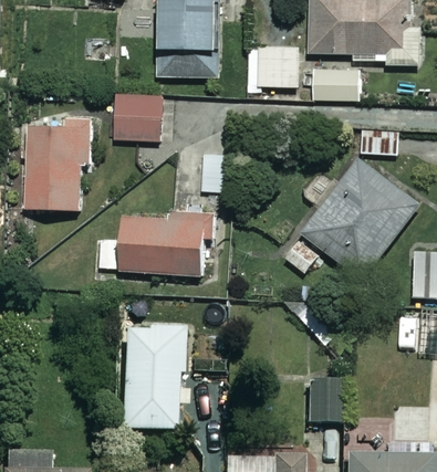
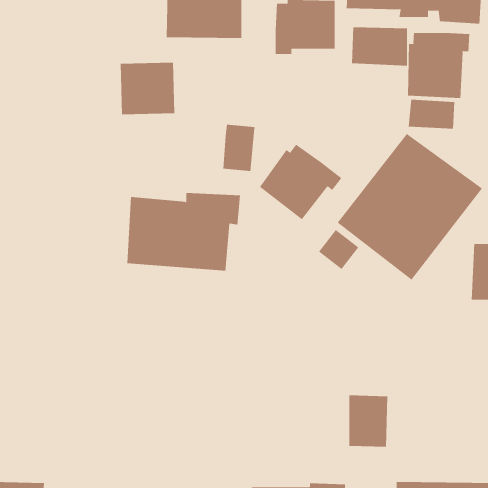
building: none -> [407,32,470,99]
building: [21,120,92,207] -> none
building: none -> [259,144,342,220]
building: [123,326,187,430] -> none

